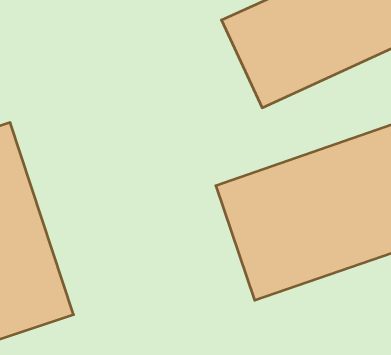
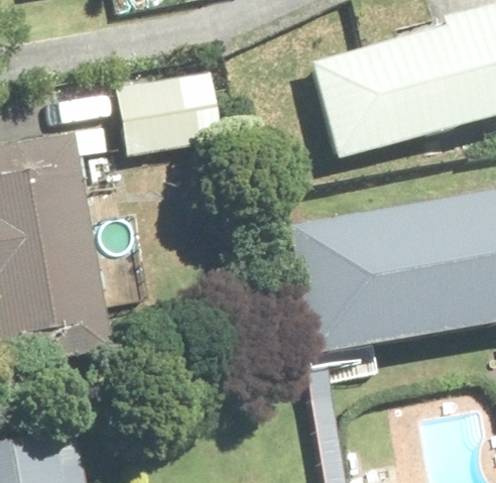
building: none -> [114,59,228,150]

